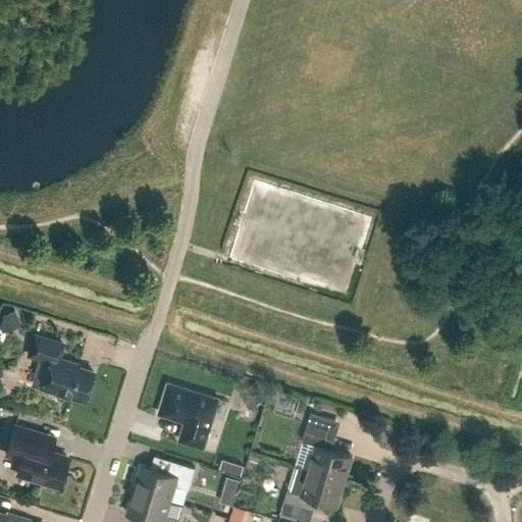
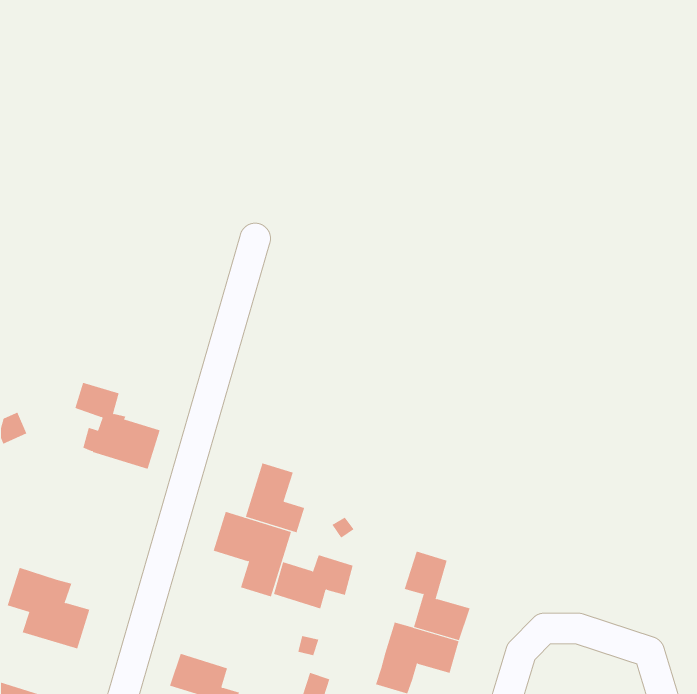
building: [29,336,93,402] -> [74,382,160,470]
building: none -> [245,463,305,533]
building: [135,461,195,502] -> [273,555,354,609]

